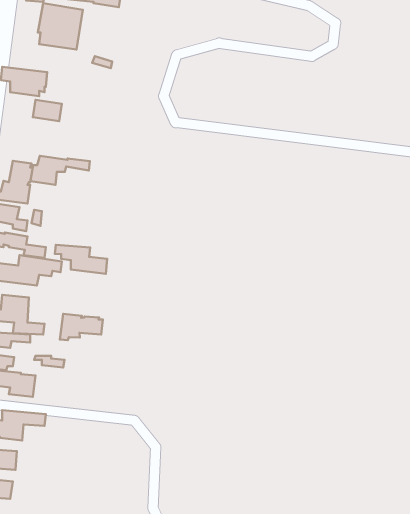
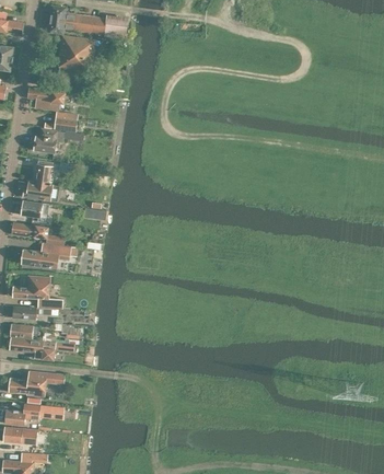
building: [30,156,90,185] -> [34,129,83,153]
building: [55,245,107,274] -> none
building: [60,314,103,340] -> none

